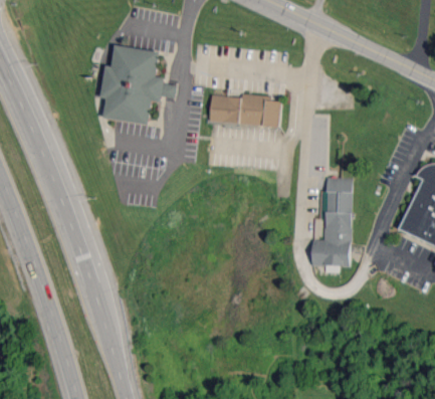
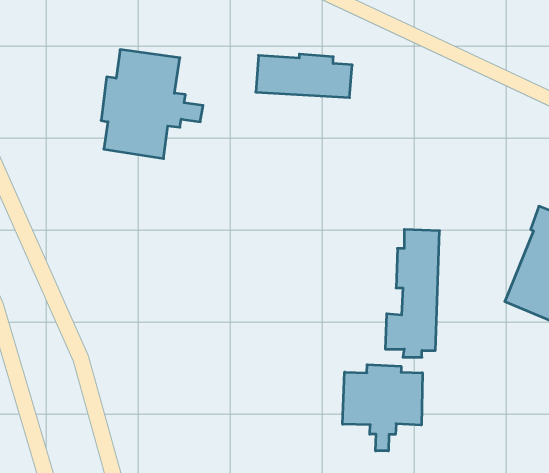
building: [209,93,280,126] -> [256,54,352,98]
building: none -> [343,365,422,451]

